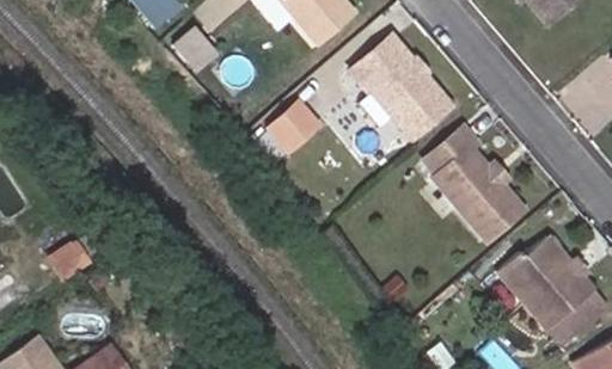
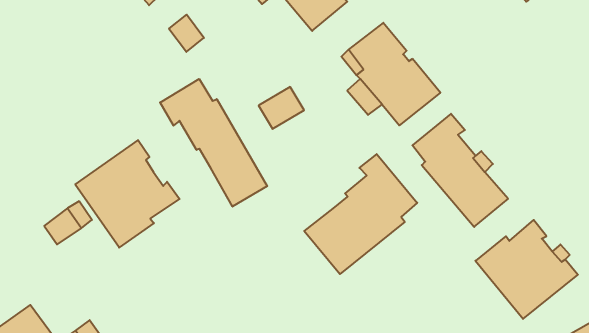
building: none -> [160,79,267,207]
building: none -> [75,140,180,248]
building: none -> [304,154,417,274]

